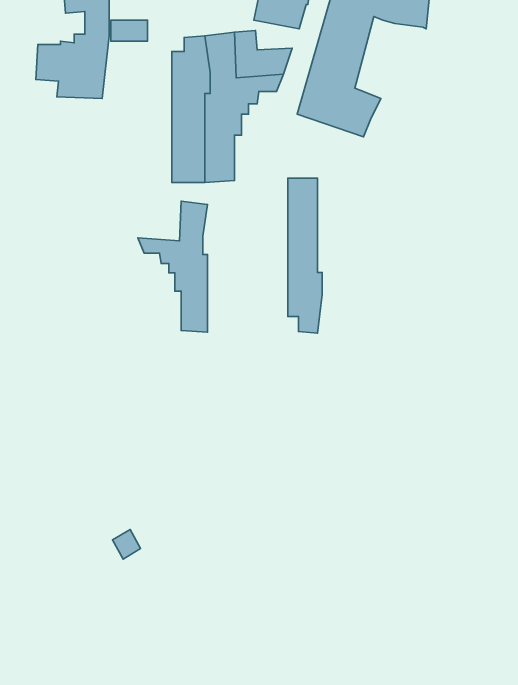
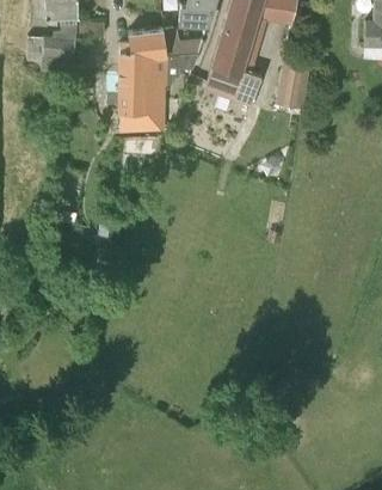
building: none -> [276,55,310,108]
building: [288,178,322,333] -> none
building: [138,201,207,332] -> none

